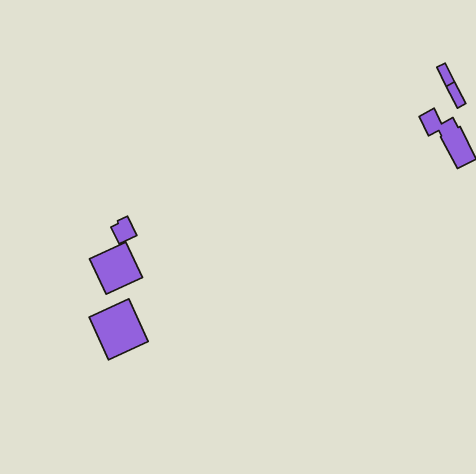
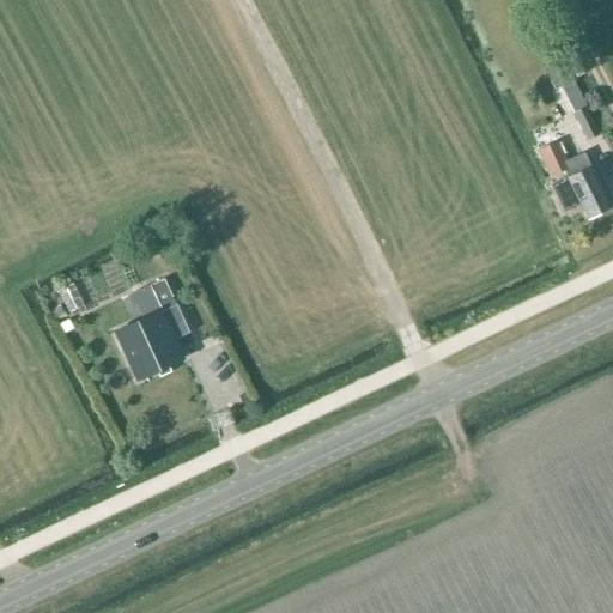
building: [89,299,148,360] -> none

